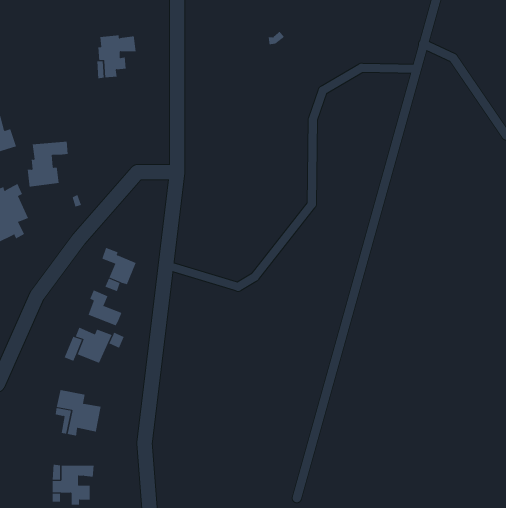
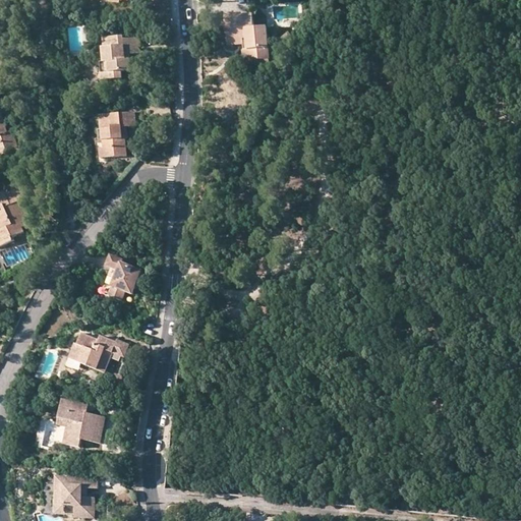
building: none -> [223,14,267,60]
building: [27,141,69,187] -> [93,112,135,159]
building: [88,290,122,326] -> none

